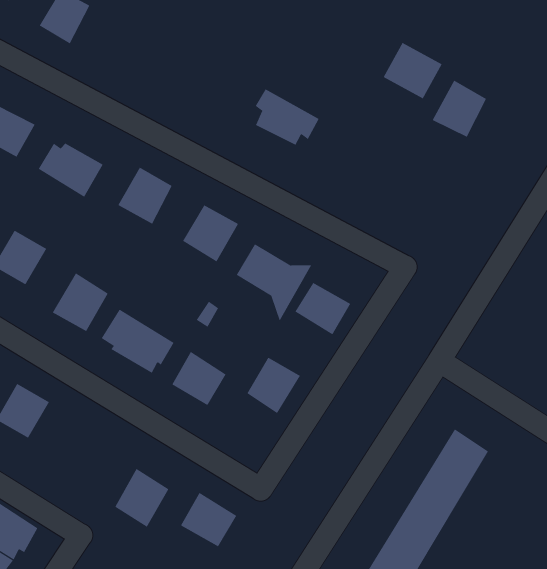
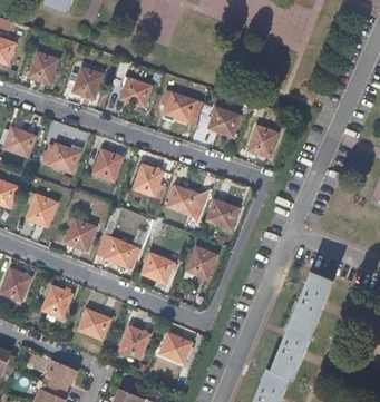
building: none -> [72,68,101,99]
building: [383,42,442,99] -> [207,107,241,138]
building: none -> [120,78,154,107]
building: [432,80,487,137] -> [247,125,277,157]
building: none -> [78,308,110,341]

